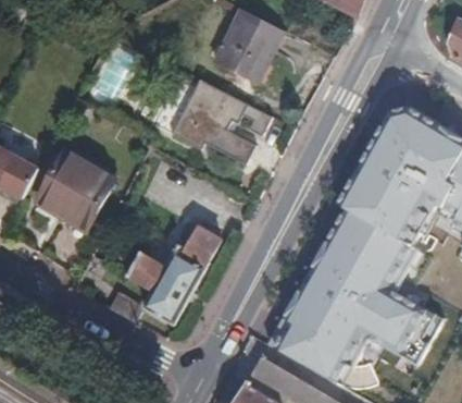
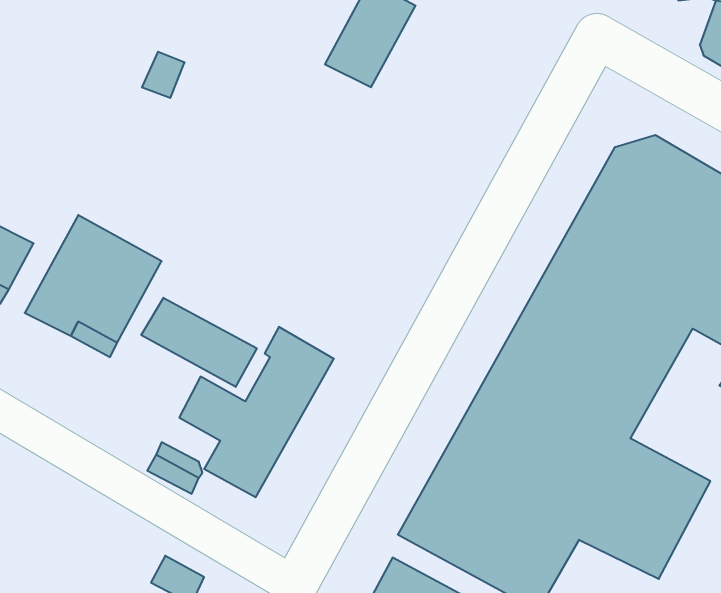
building: [172,76,274,163] -> none
building: none -> [141,298,257,387]

